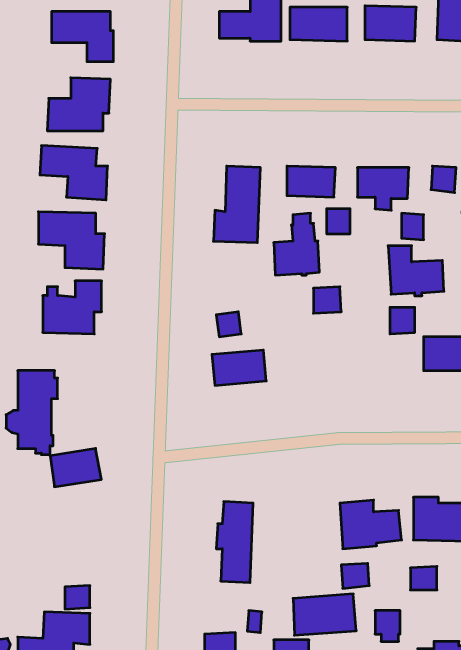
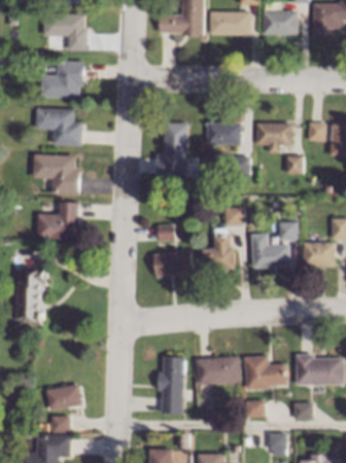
building: [274,213,319,275] -> [202,227,234,271]
building: [388,246,444,296] -> [251,234,290,269]
building: [50,448,101,487] -> [45,384,81,411]
building: [293,594,356,635] -> [196,356,240,385]

